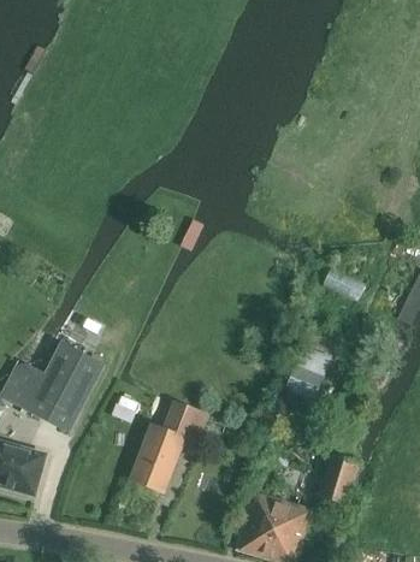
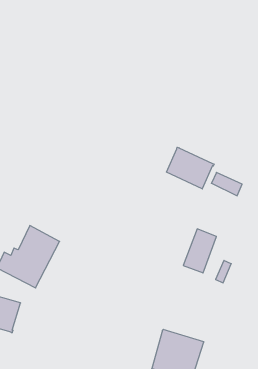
building: none -> [166,147,214,189]
building: [130,401,205,492] -> none
building: [318,456,357,502] -> none

